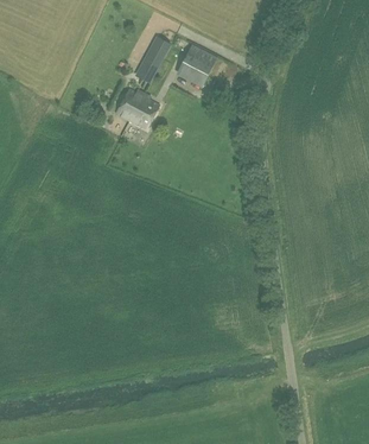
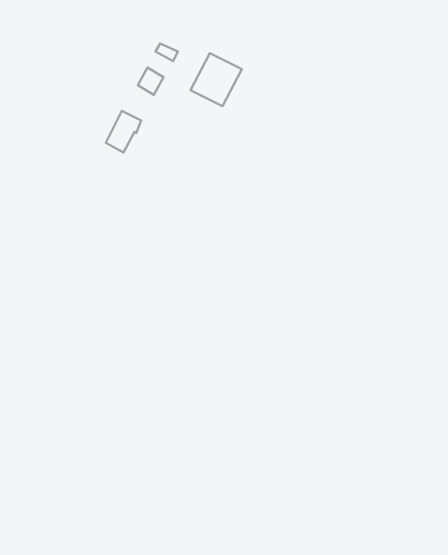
building: [128,94,158,127] -> none

